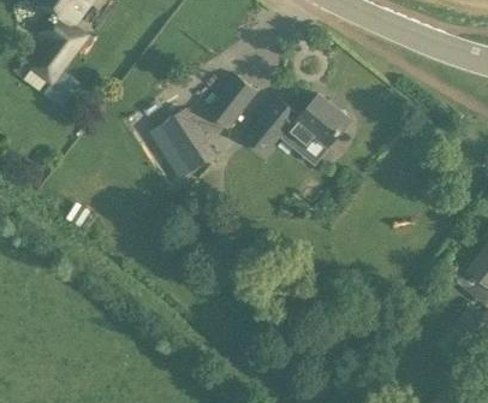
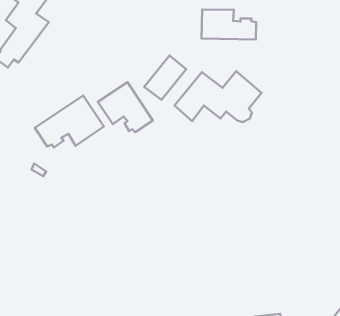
building: none -> [202,9,256,40]
building: none -> [35,96,104,147]

